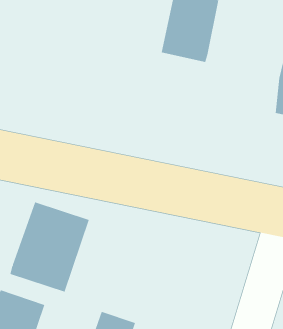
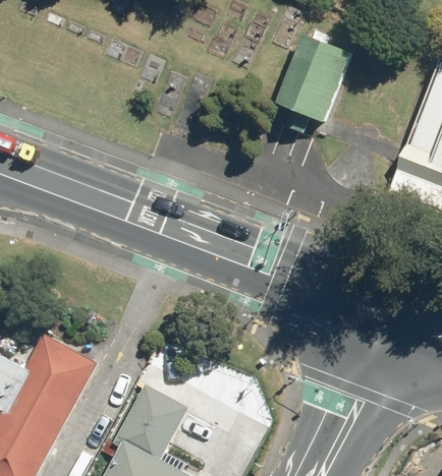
building: [10,201,90,293] -> none

